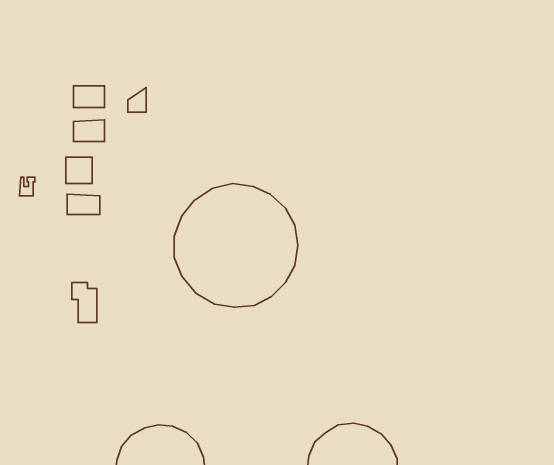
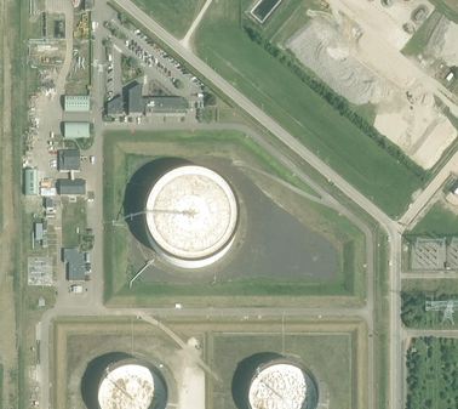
building: none -> [127,83,184,114]

